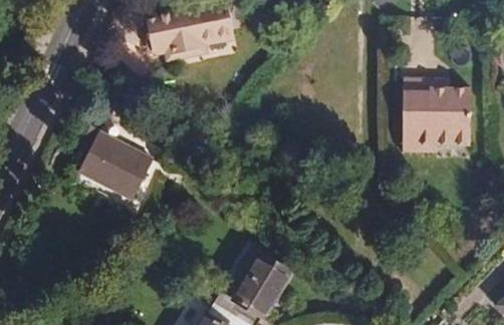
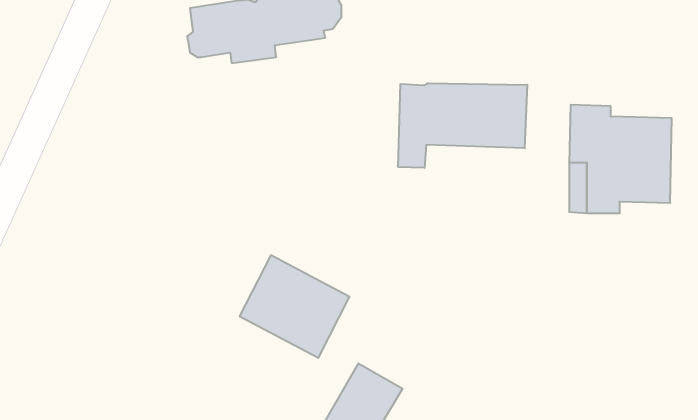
building: none -> [398,83,527,168]
building: [78,131,153,201] -> [240,255,350,358]

